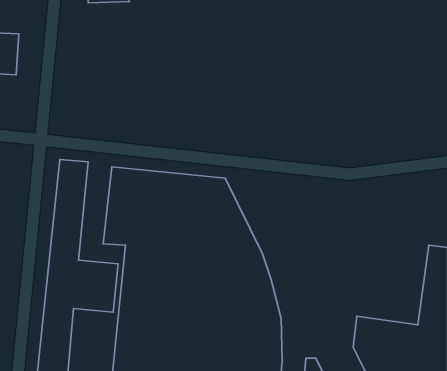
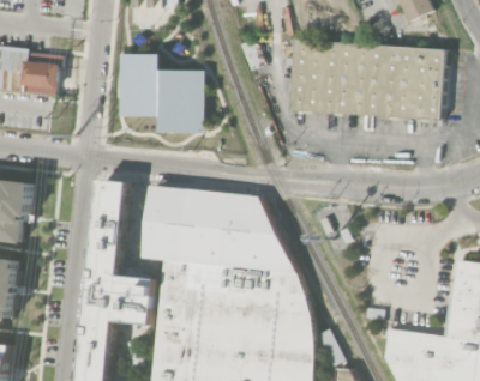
building: none -> [289,40,446,119]
building: none -> [120,54,203,133]

